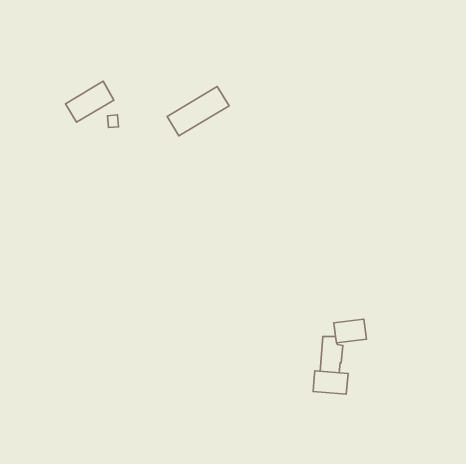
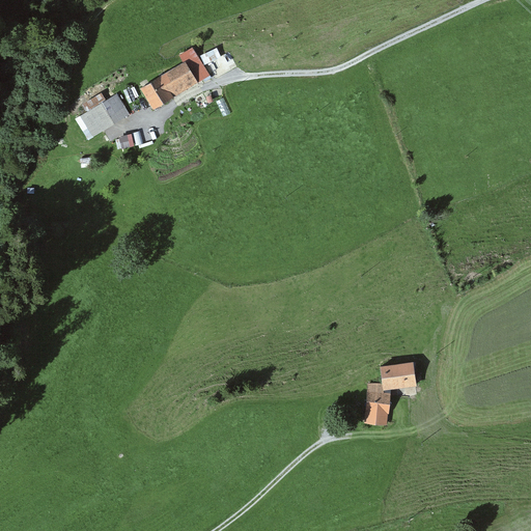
building: [167,87,229,136] -> [139,54,209,110]
building: [313,371,348,394] -> none

